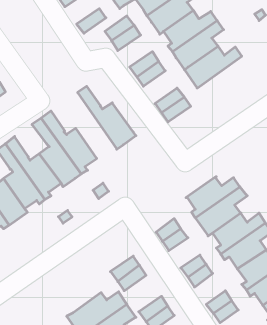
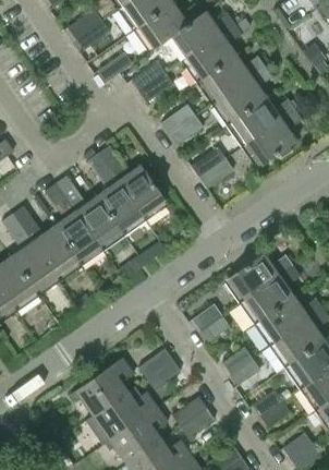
building: none -> [242,109,303,166]
building: none -> [88,153,146,231]
building: none -> [71,357,135,415]

